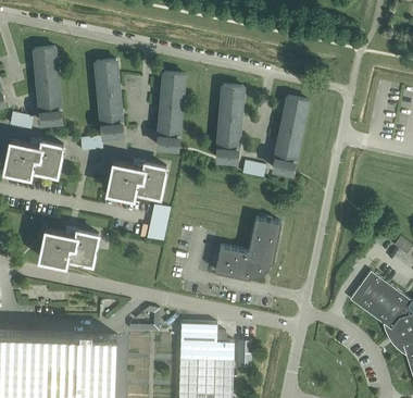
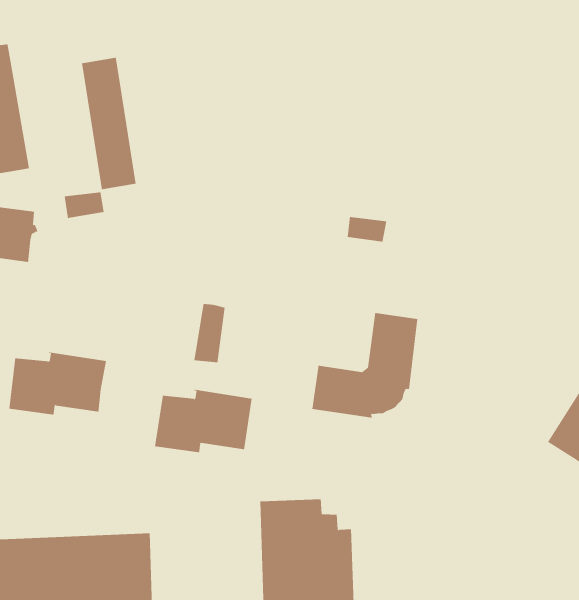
building: [158,74,184,149] -> none
building: [216,86,243,162] -> none
building: [272,98,308,174] -> none
building: [108,161,166,198] -> [154,389,253,453]

